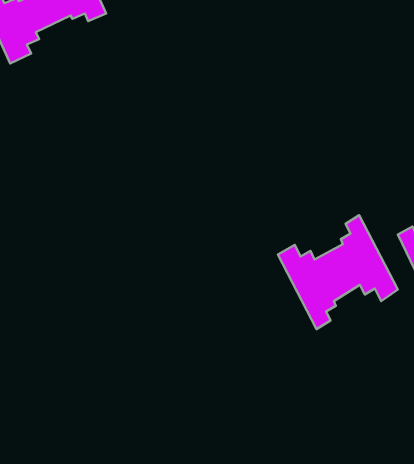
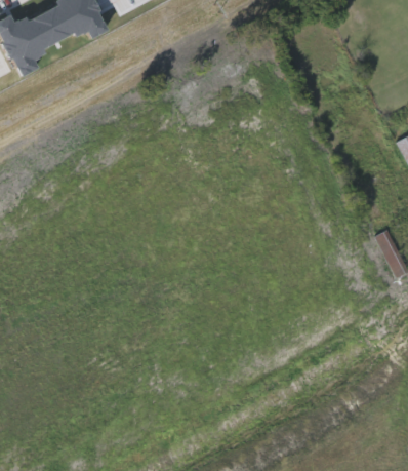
building: [278,215,398,329] -> none

